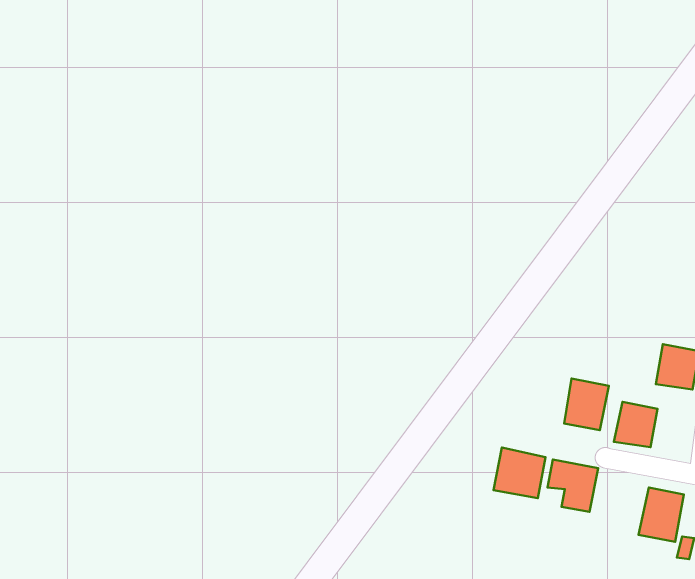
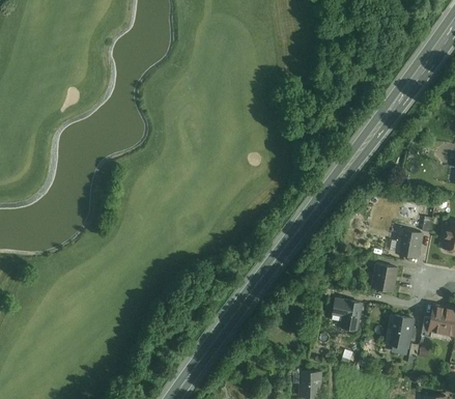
building: [564,379,609,430] -> none
building: [494,448,545,498] -> none

